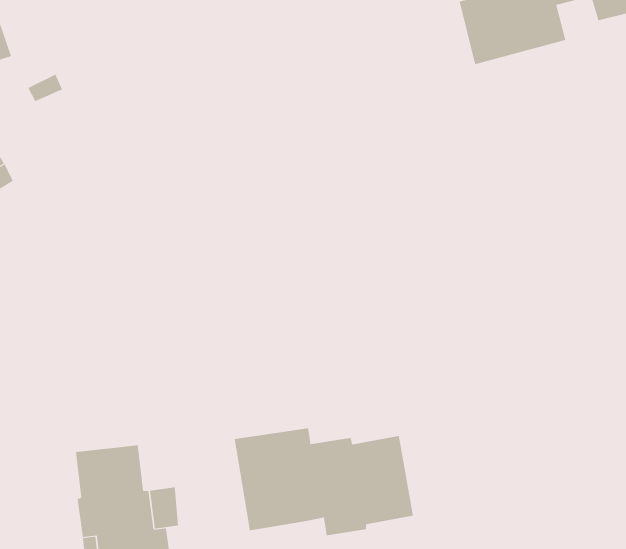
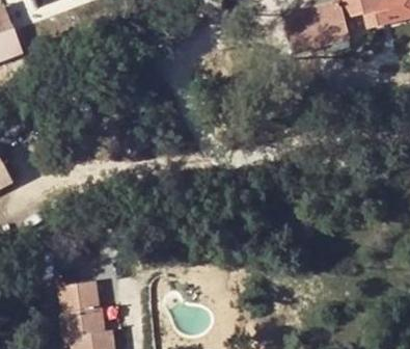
building: [234,428,413,536] -> none

